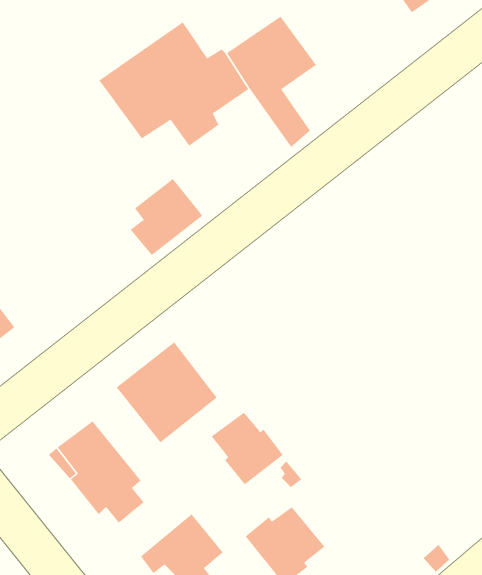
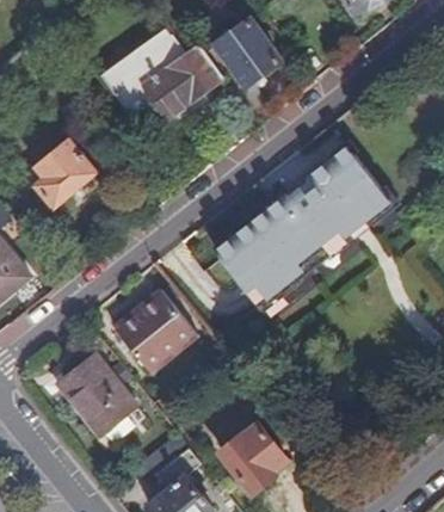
building: none -> [214,146,391,307]
building: [130,178,203,256] -> [37,142,98,206]
building: [211,412,283,485] -> none

